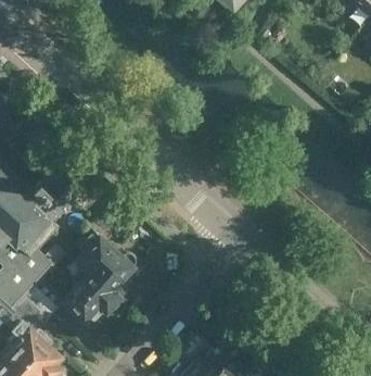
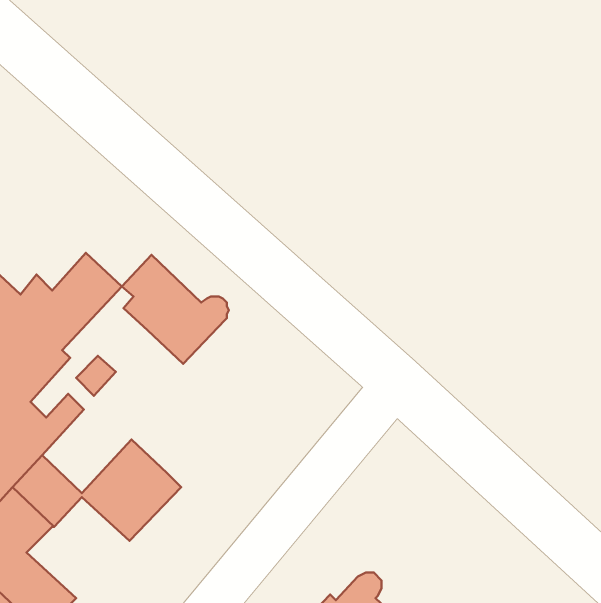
building: [77,229,136,289] -> [122,255,229,364]

